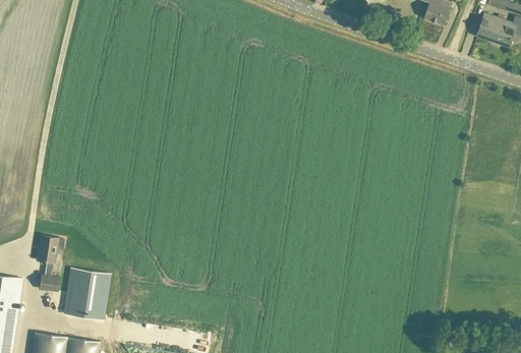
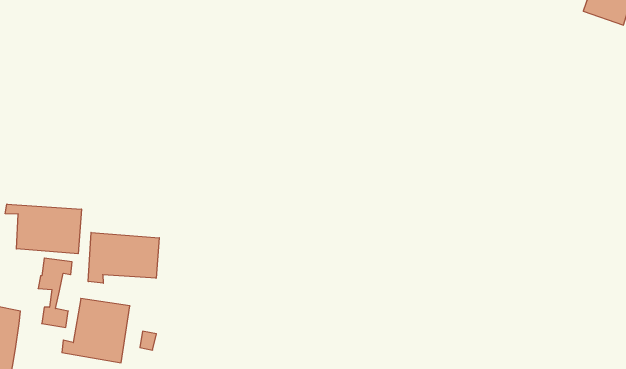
building: none -> [5,204,81,254]
building: none -> [88,232,159,283]

